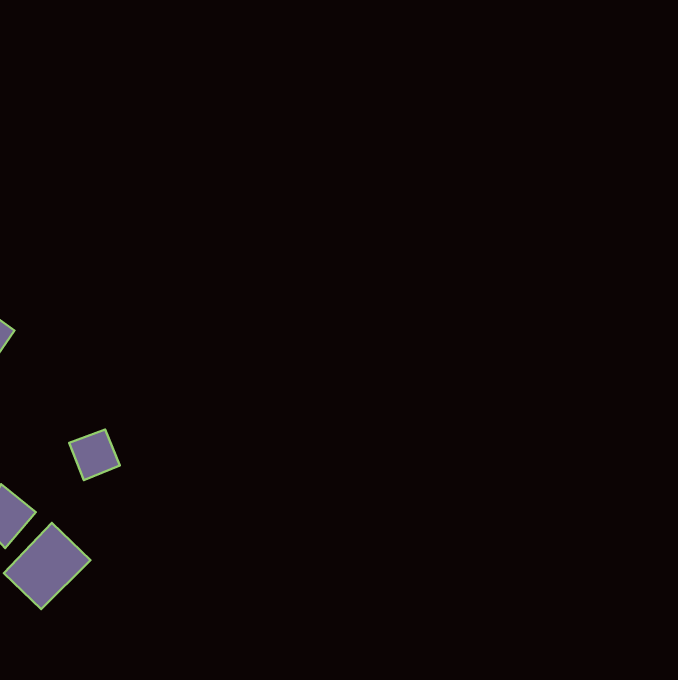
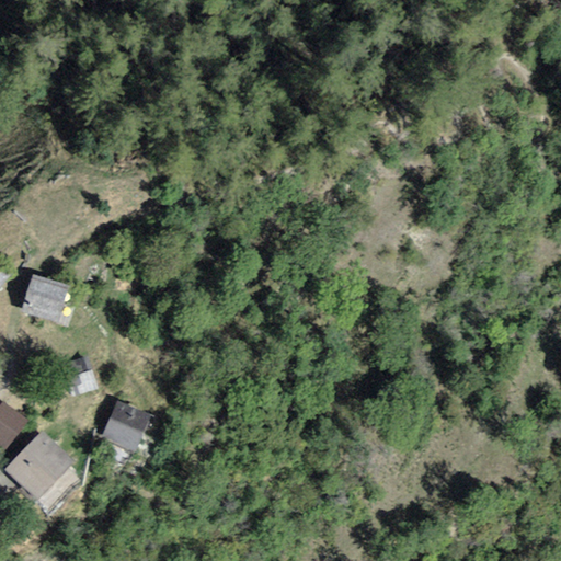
building: none -> [23,277,65,314]
building: none -> [99,398,154,455]

